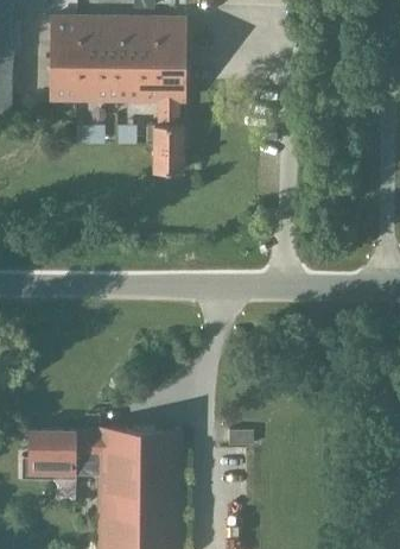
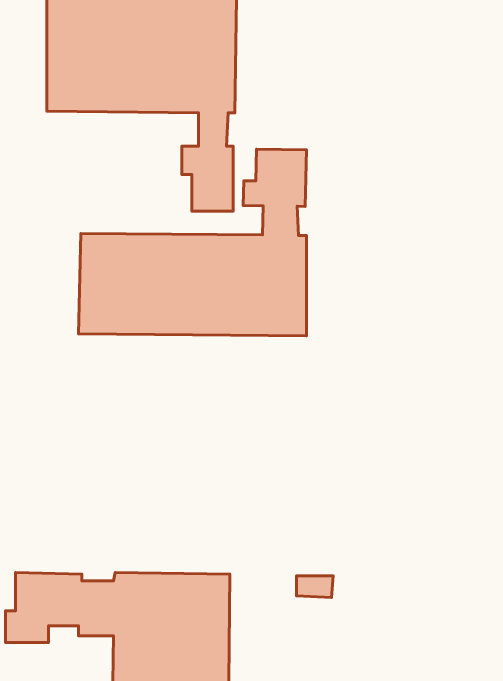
building: none -> [79,149,307,336]

